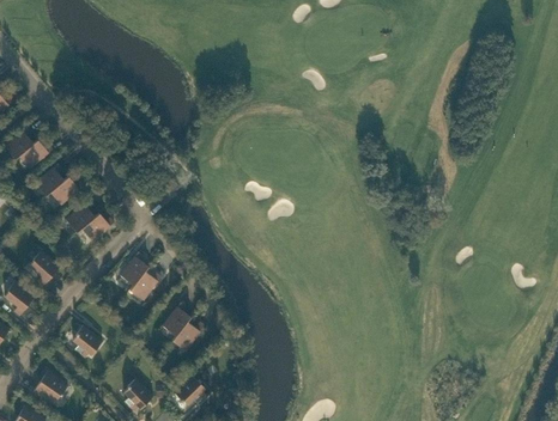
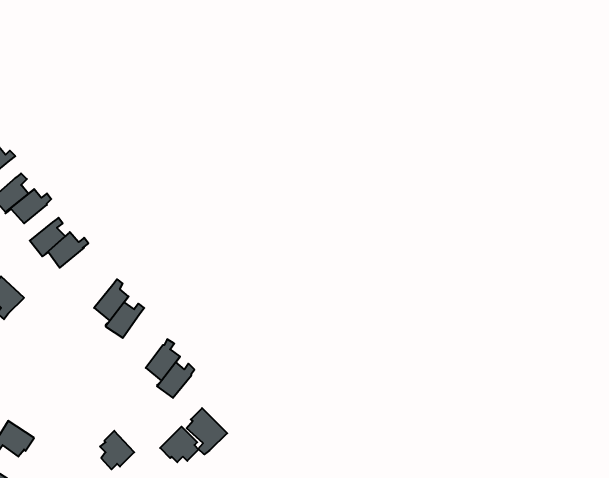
building: [72,325,102,358] -> none
building: none -> [187,408,227,454]

